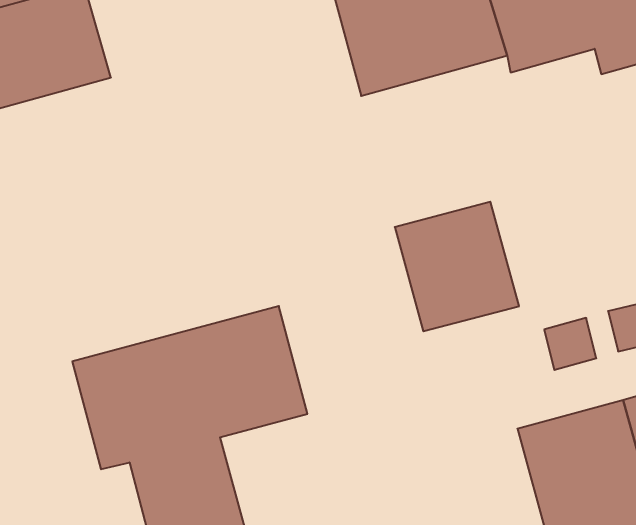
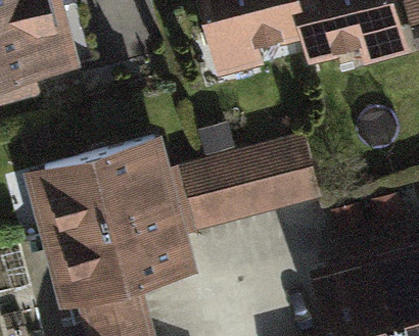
building: none -> [28,138,171,235]
building: none -> [183,153,259,233]

